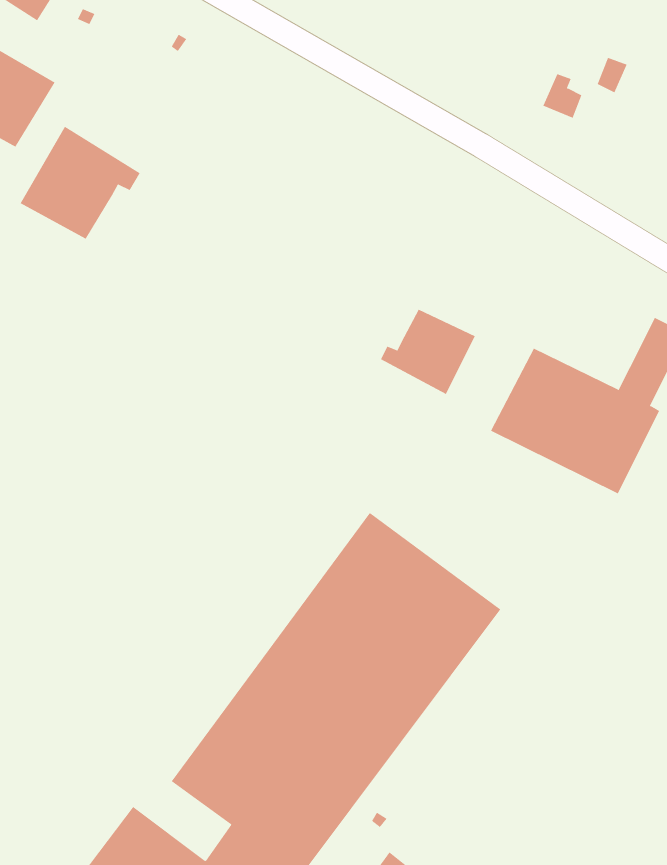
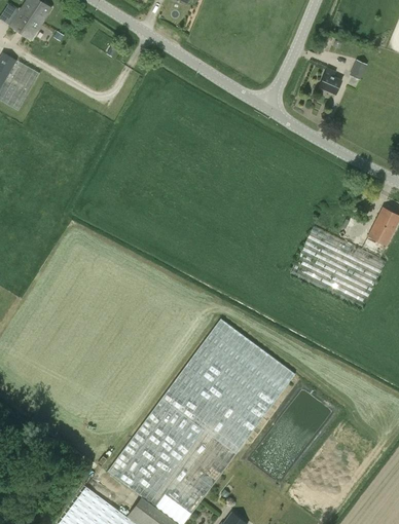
building: [20,126,141,239] -> none
building: [380,309,476,395] -> none

